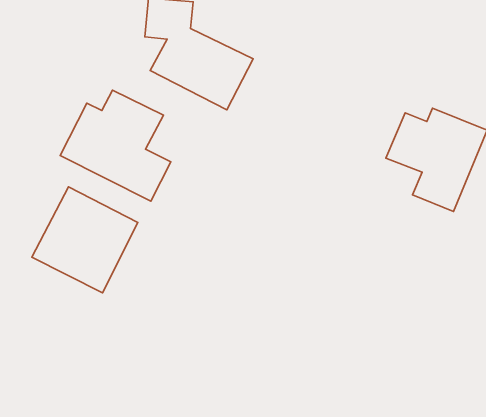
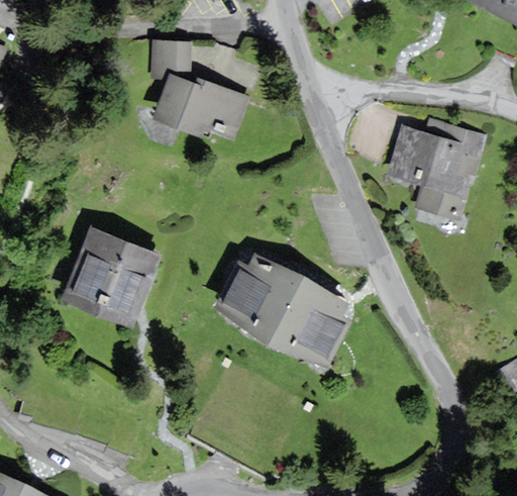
building: [60,90,171,201] -> none
building: none -> [215,245,361,368]

